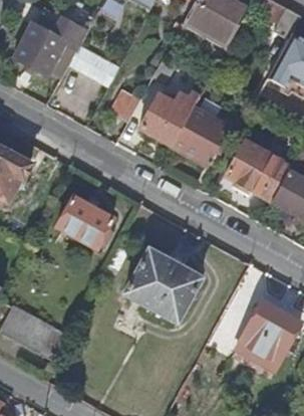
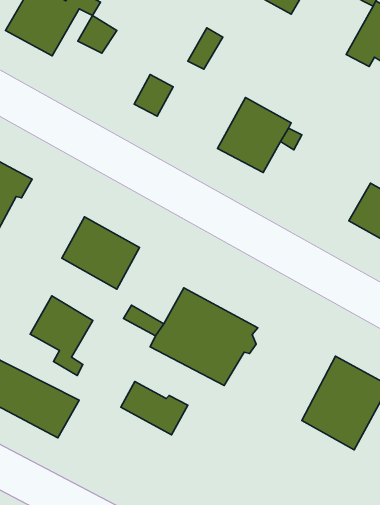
building: [138,93,199,147] -> none
building: [226,141,290,199] -> none
building: none -> [30,296,93,375]
building: none -> [121,382,188,435]

